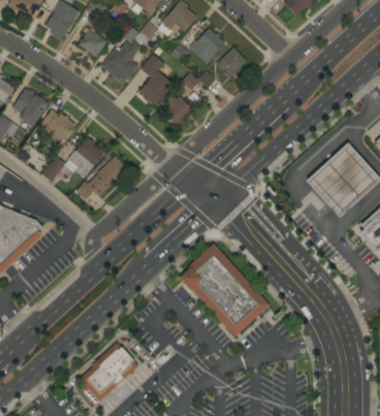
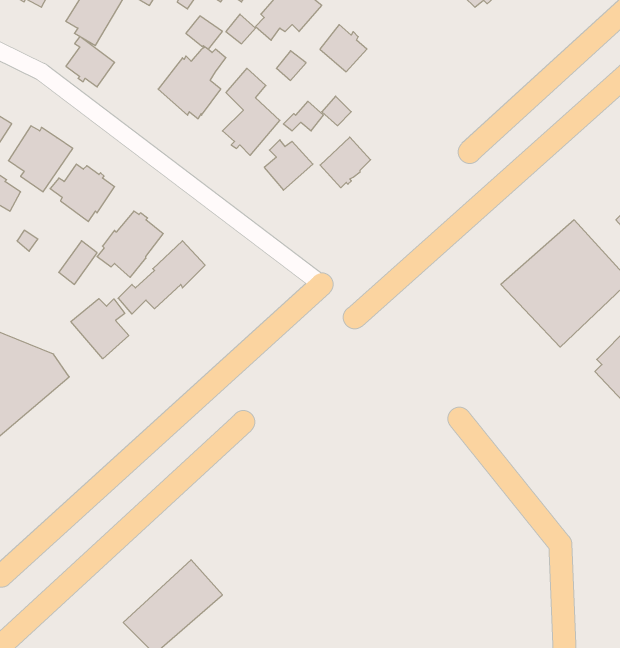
building: [77,26,106,56] -> [66,36,115,87]
building: [216,46,246,76] -> [320,137,371,188]
building: none -> [71,299,129,359]
building: [179,246,268,338] -> none

